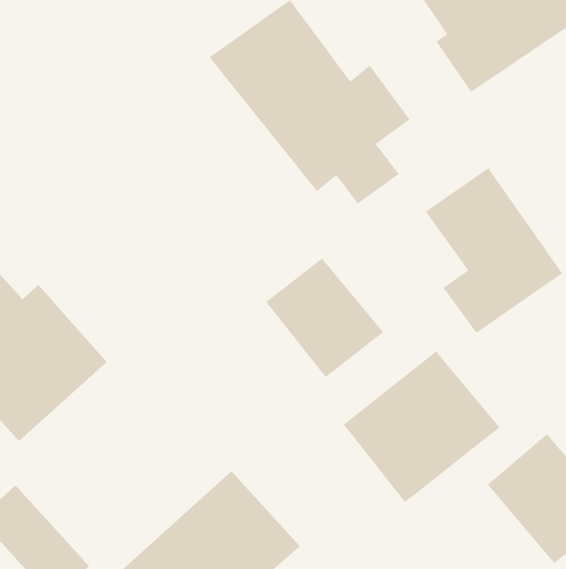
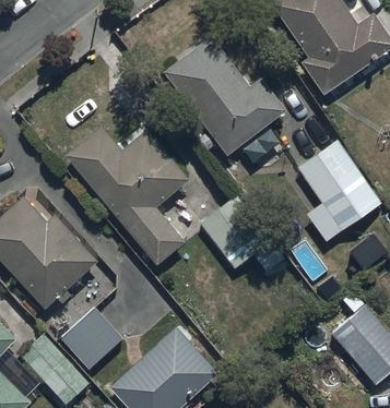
building: none -> [67,125,190,264]
building: [343,350,500,503] -> none
building: none -> [60,309,121,369]

